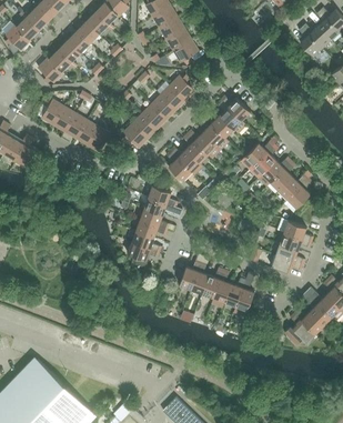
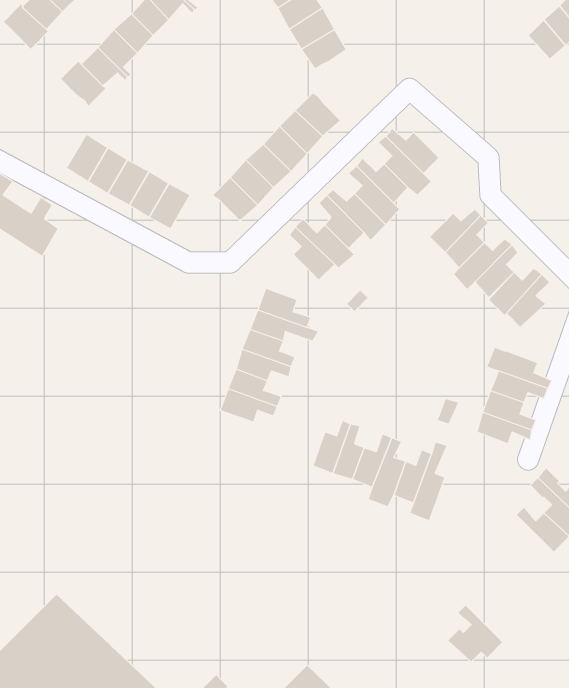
building: [283,313,314,345] -> [448,605,503,662]

